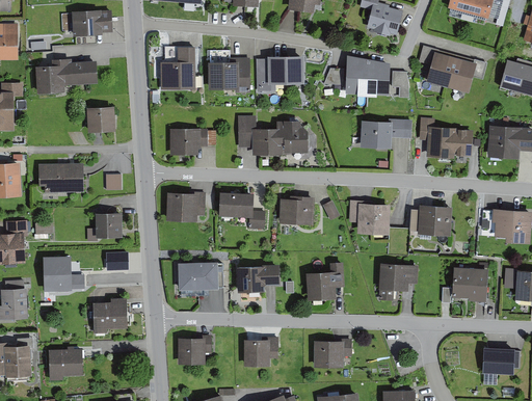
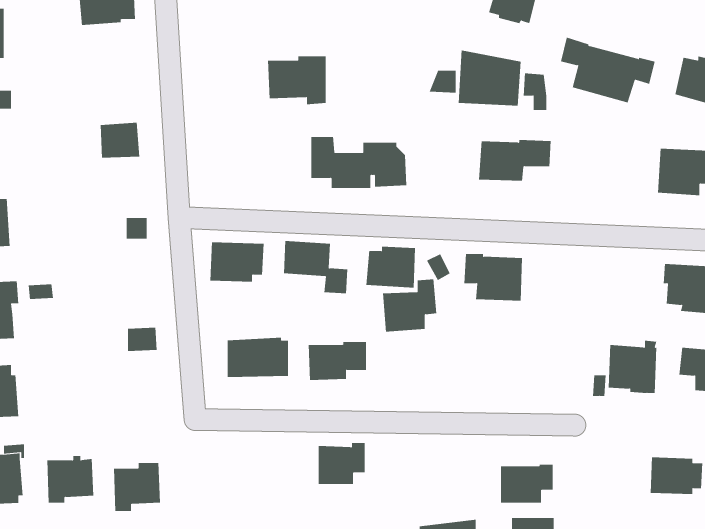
building: [159,47,195,90] -> none
building: [256,55,303,91] -> none
building: [34,58,98,92] -> none
building: [419,117,473,158] -> none
building: [169,129,215,155] -> none
building: [37,163,83,192] -> none
building: [408,204,451,236] -> none
building: [86,212,122,242] -> none
building: [43,256,84,291] -> none
building: [304,262,344,300] -> [382,279,437,332]
building: [377,263,418,301] -> none
building: [92,298,127,333] -> [113,462,161,511]
building: [178,336,211,364] -> none
building: [313,339,351,367] -> [500,464,553,503]

